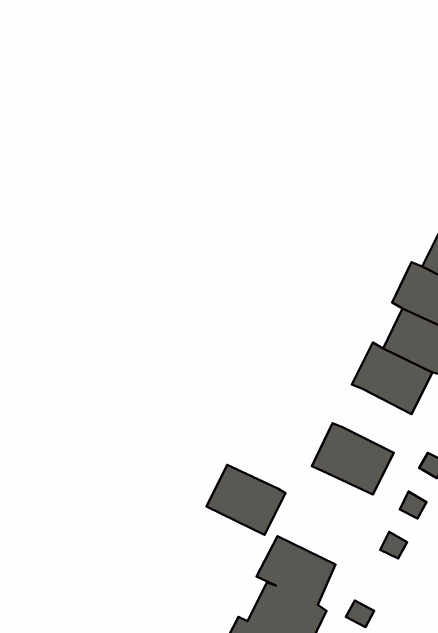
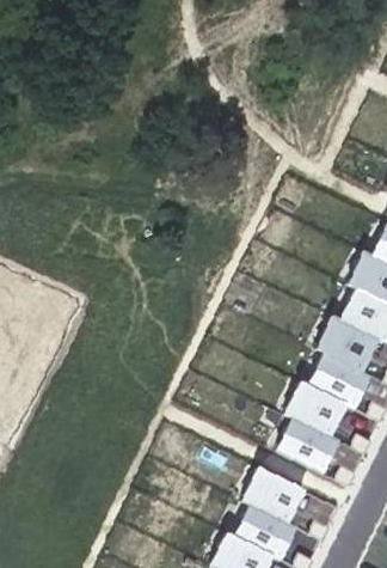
building: none -> [309,353,373,408]
building: [206,465,285,535] -> [276,419,339,475]

